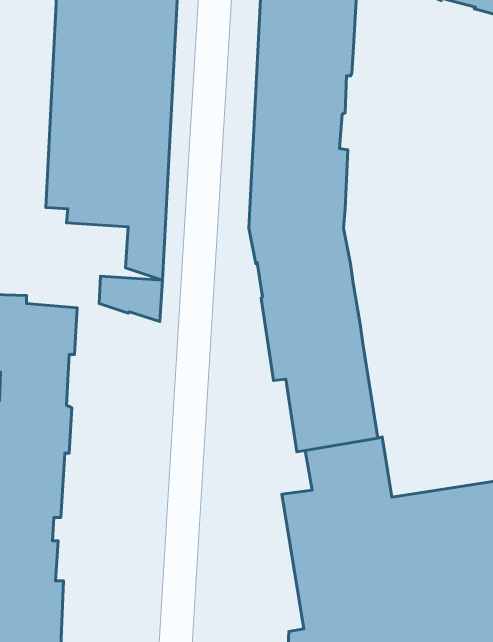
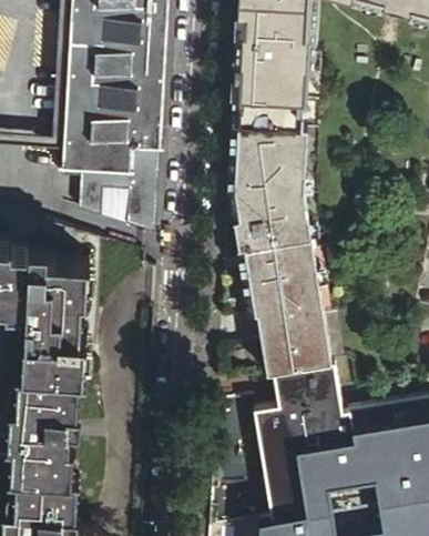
building: [99,276,162,321] -> [78,184,129,221]

